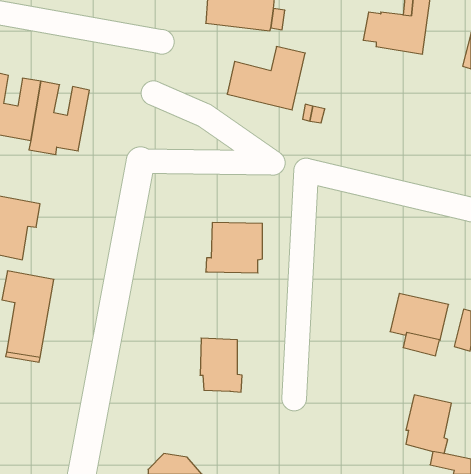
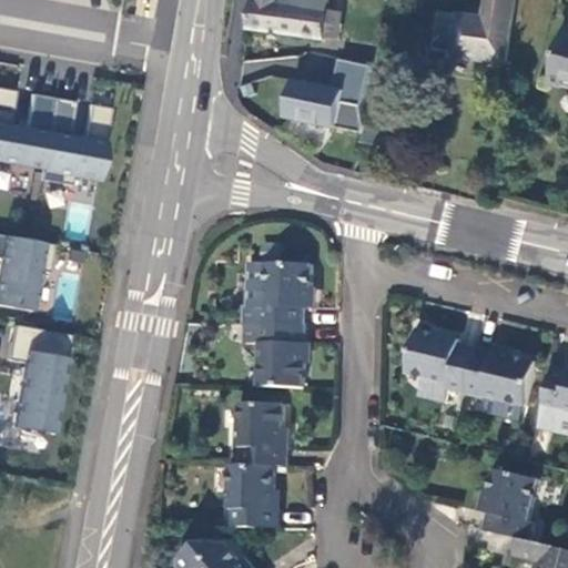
building: none -> [246,324,307,387]
building: none -> [407,331,476,395]
building: none -> [229,465,280,527]

